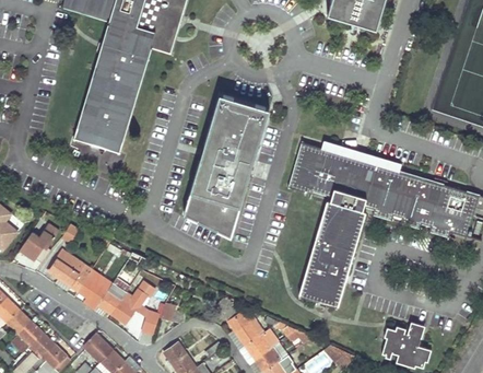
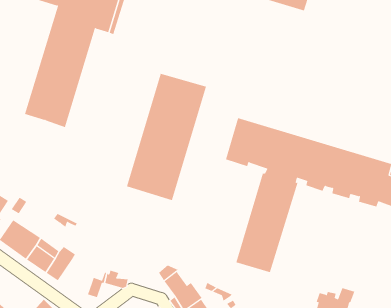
building: [111,279,154,324] -> none

